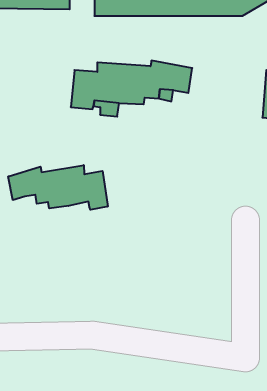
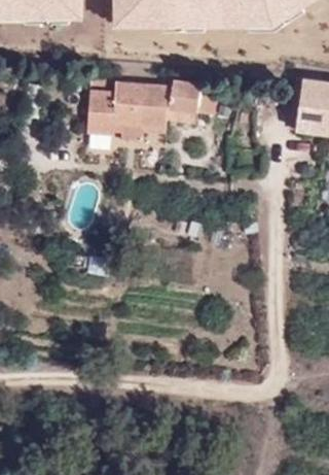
building: [8,165,108,210] -> none

